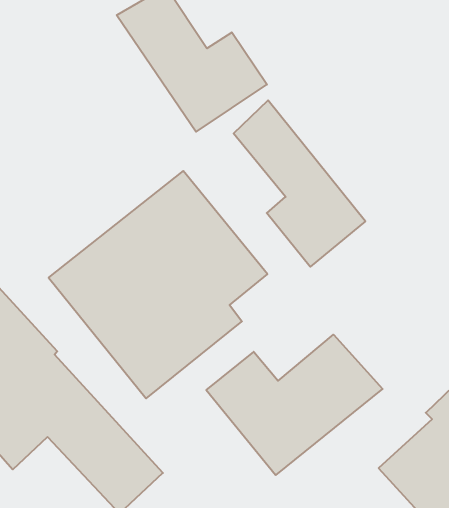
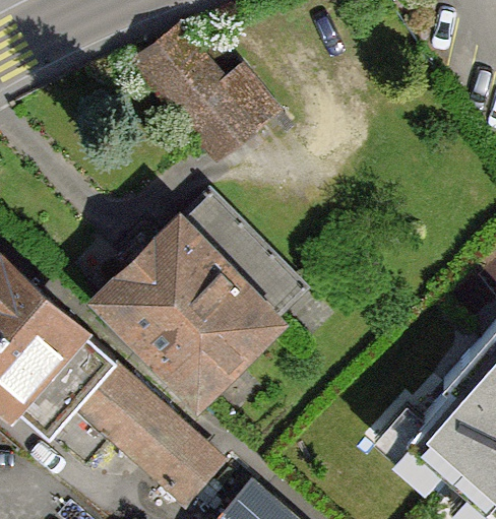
building: [234,100,365,267] -> none
building: [206,335,383,475] -> none

